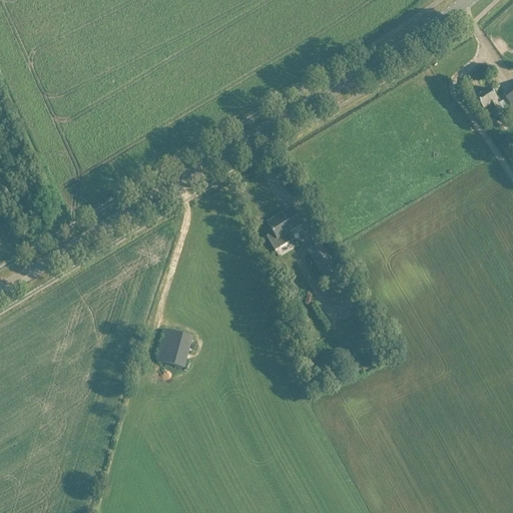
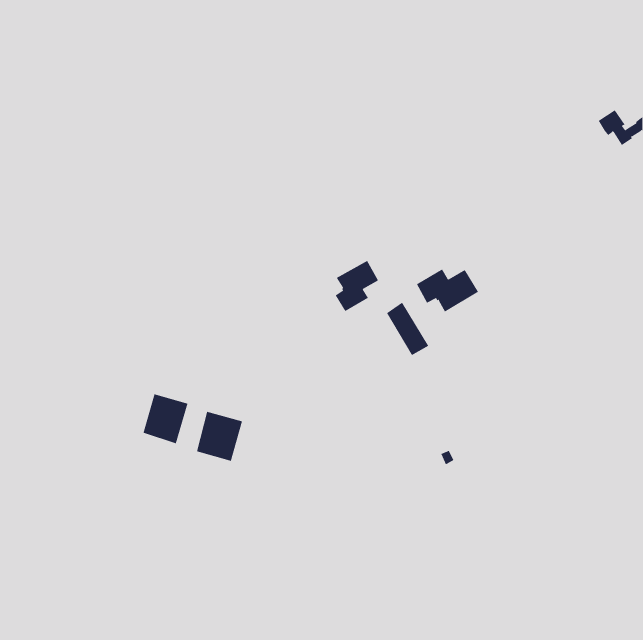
building: none -> [416,269,479,313]
building: none -> [143,394,188,444]

